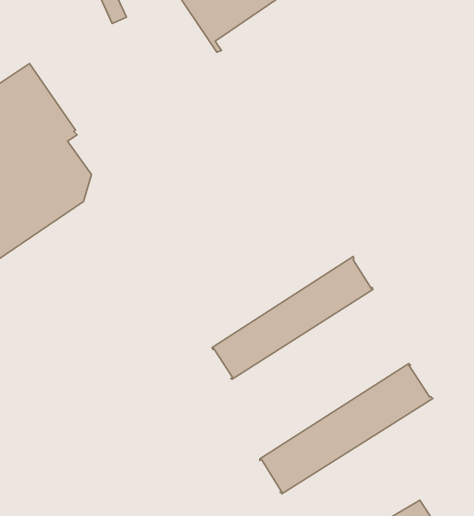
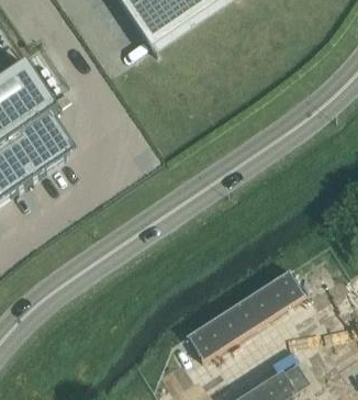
building: [212,256,373,379] -> none

